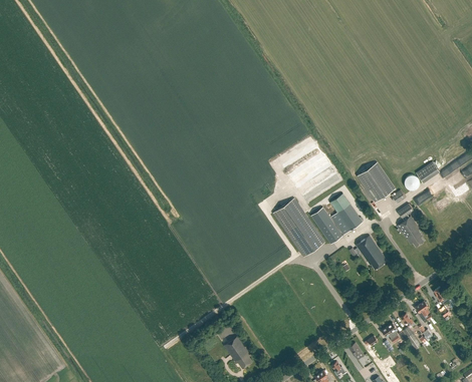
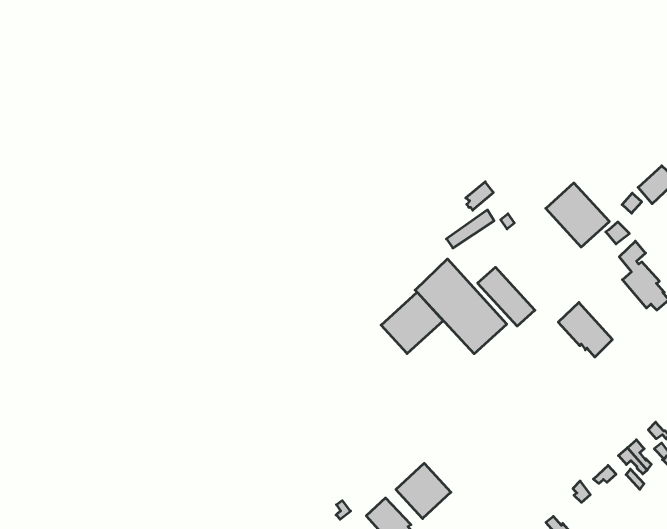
building: [330,194,363,235] -> none
building: none -> [381,292,443,354]
building: none -> [396,463,451,519]

